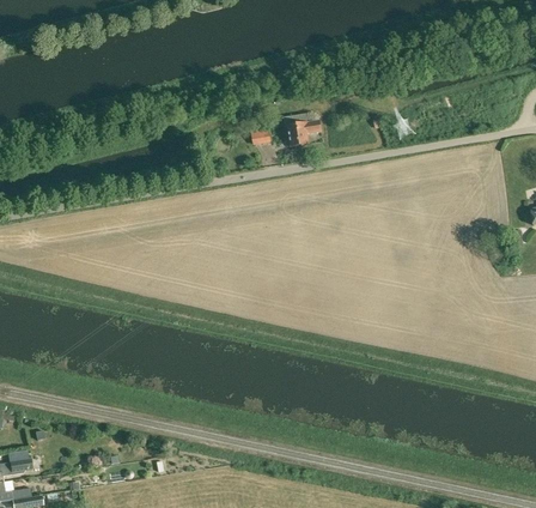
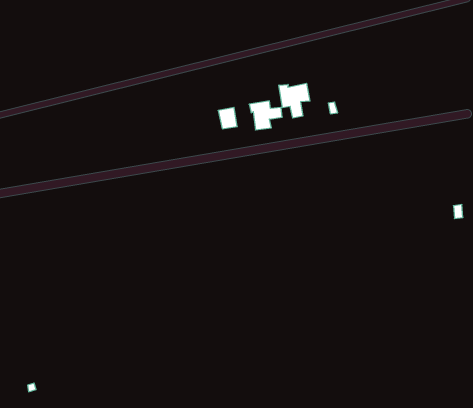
building: none -> [279,83,310,118]

